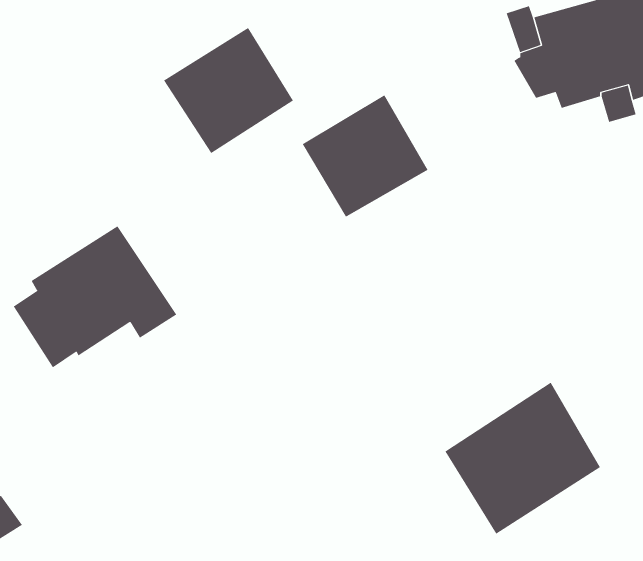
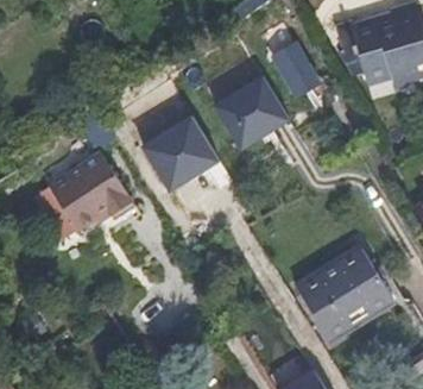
building: [163,27,294,154] -> [139,114,217,190]
building: none -> [273,43,318,96]

